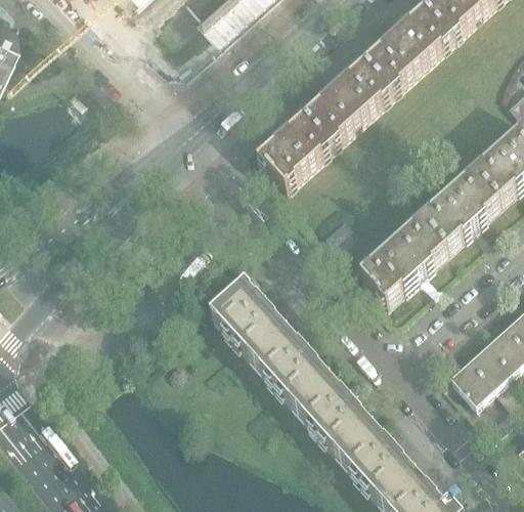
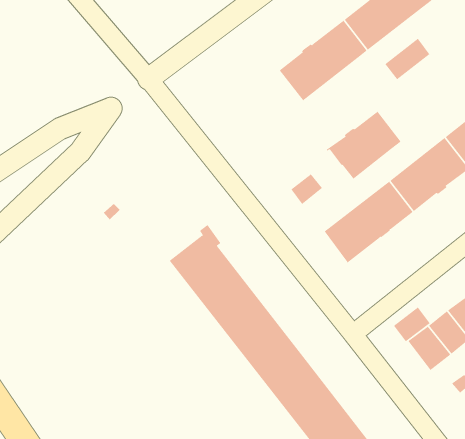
building: none -> [385,38,430,80]
building: [257,115,331,184] -> [326,111,402,180]
building: none -> [393,307,431,342]

